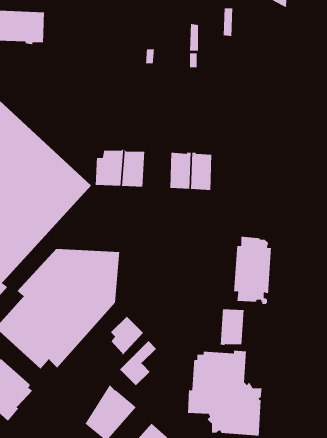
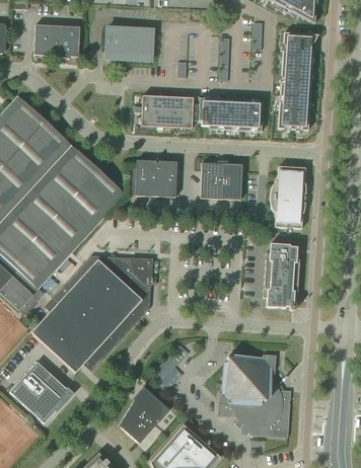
building: none -> [106,27,152,60]
building: none -> [278,32,318,131]
building: none -> [134,95,263,132]
building: none -> [270,166,306,229]
building: [220,308,244,346] -> none
building: [110,316,144,356] -> none

